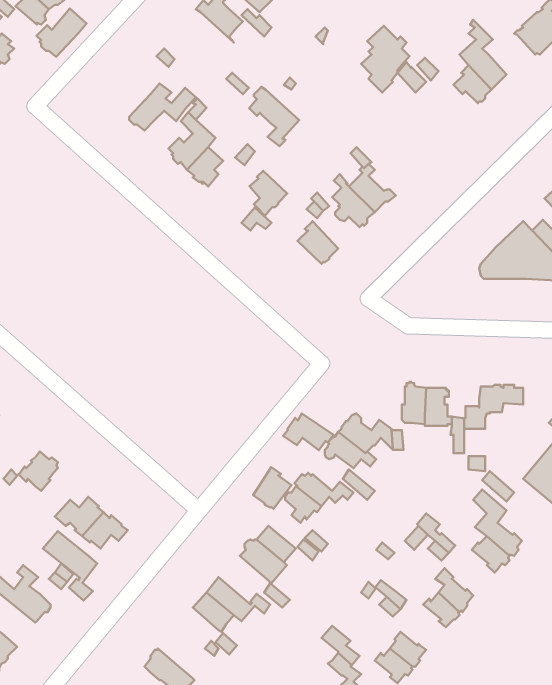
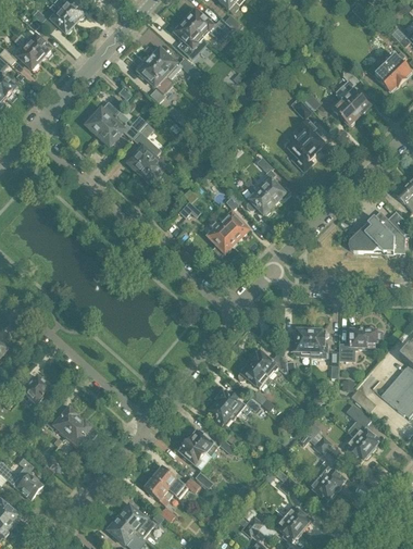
building: [37,9,87,57] -> [84,100,120,135]
building: [361,26,410,93] -> [288,121,323,169]
building: [249,87,299,146] -> [137,58,173,100]
building: [249,171,287,216] -> [209,224,236,257]
building: [283,413,333,450] -> none
building: [253,467,291,509] -> none
building: [43,531,97,600] -> none
building: none -> [118,504,154,537]

